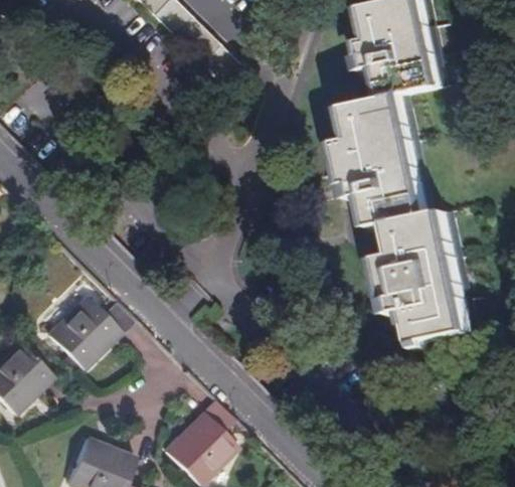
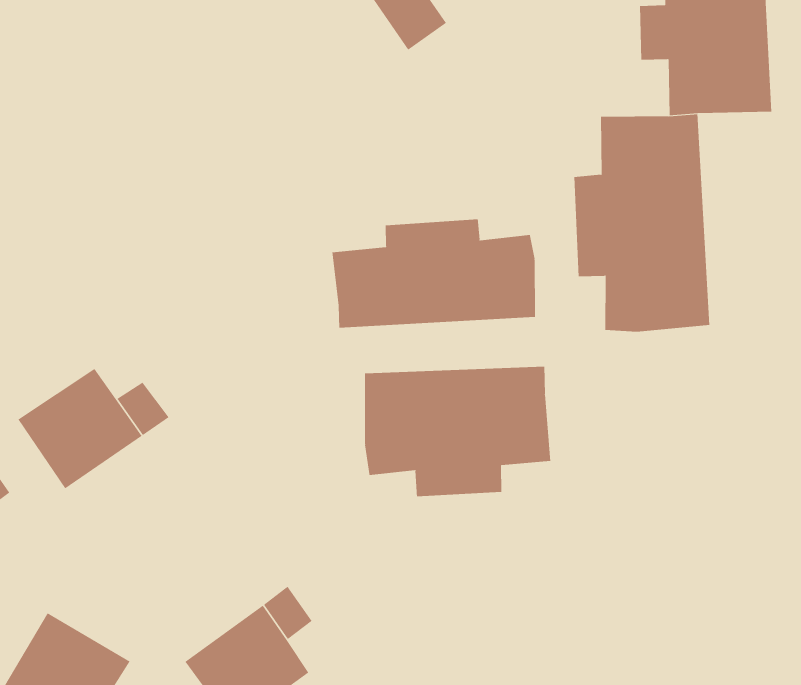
building: none -> [332,219,536,329]
building: [378,209,470,344] -> none
building: none -> [364,366,551,497]

